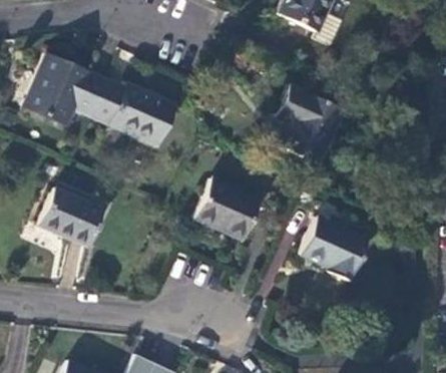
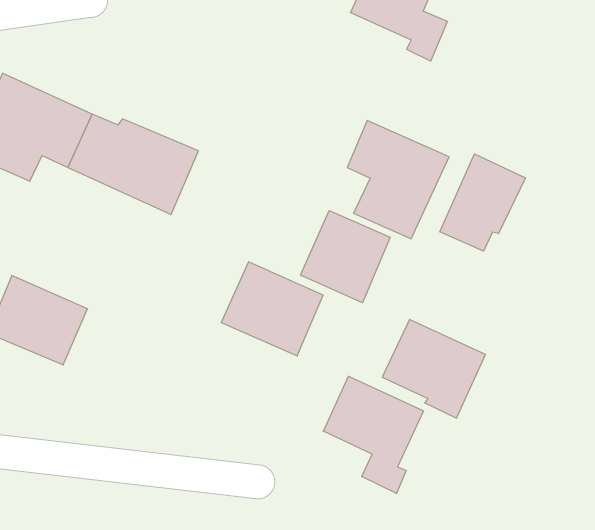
building: none -> [440,154,526,251]
building: none -> [300,211,390,303]
building: none -> [323,376,424,494]

